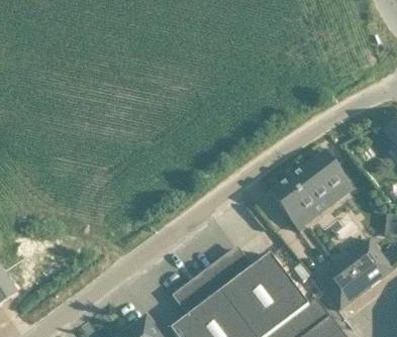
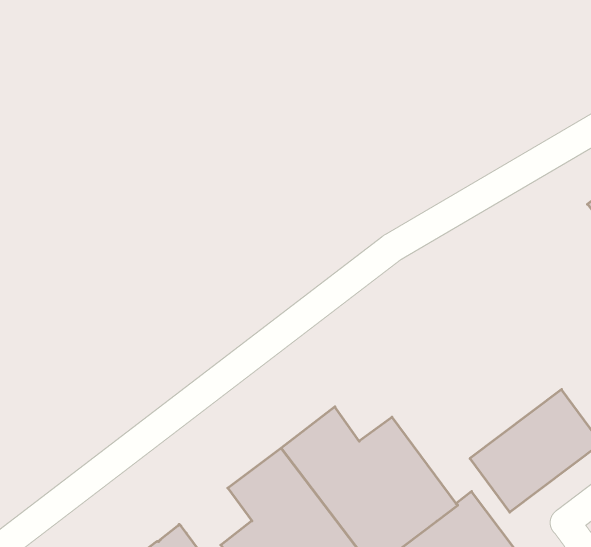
building: [270,149,354,221] -> none

